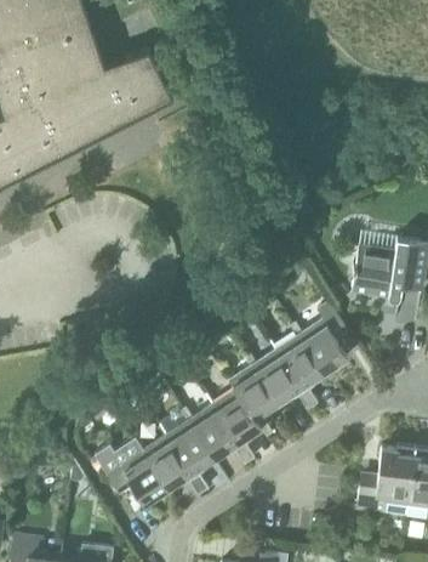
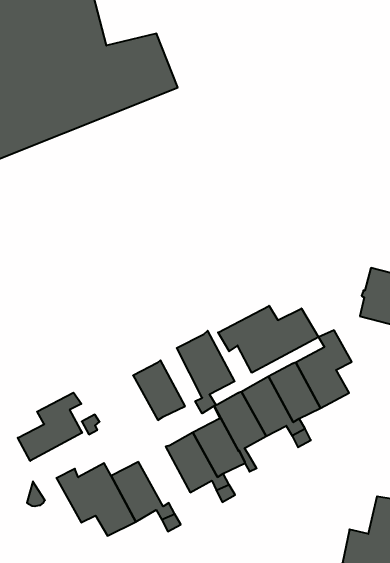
building: none -> [218,306,318,373]
building: none -> [177,331,235,413]
building: none -> [18,393,82,461]
building: [167,419,216,472] -> [133,360,185,420]

